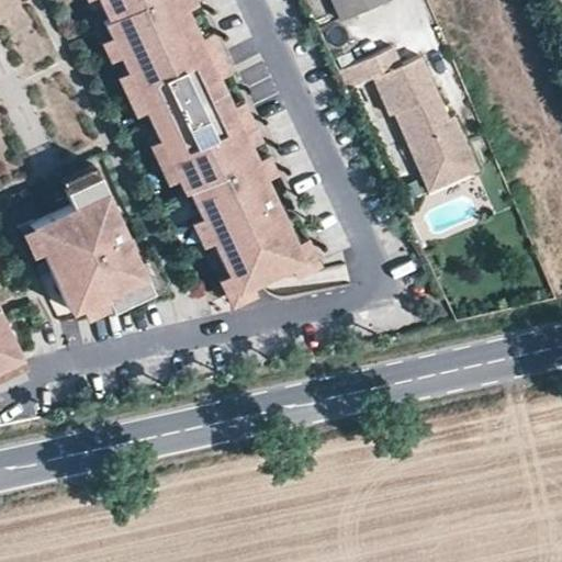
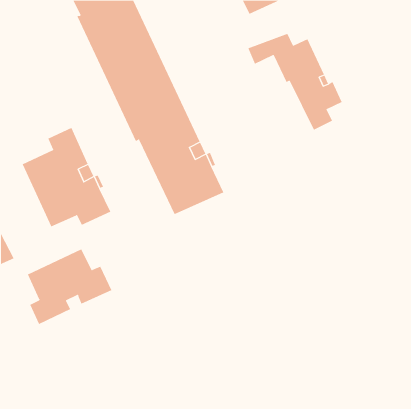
building: [428,143,480,190] -> none
building: none -> [27,249,112,325]

